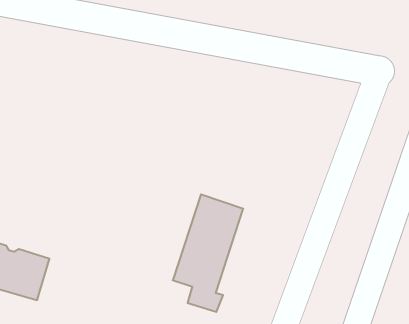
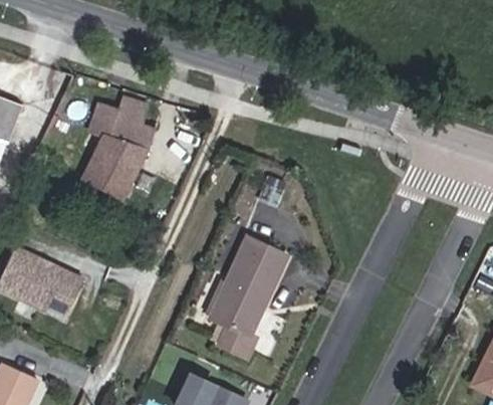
building: none -> [81,92,153,197]

